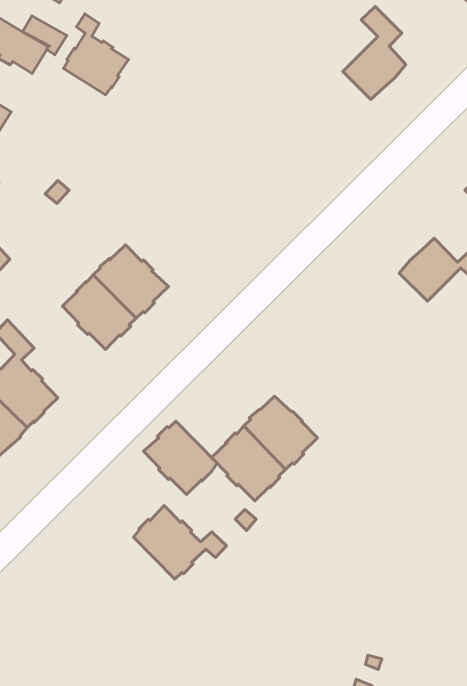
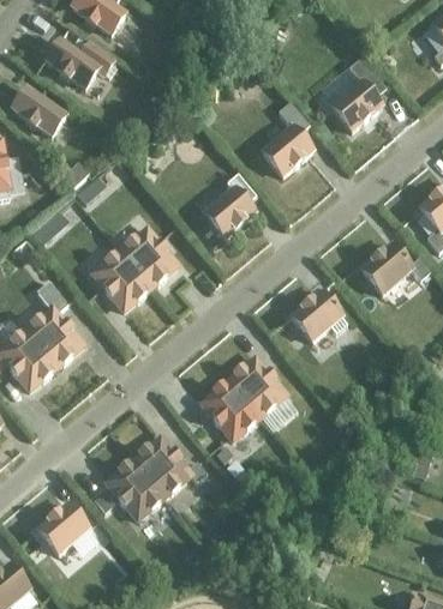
building: [63,14,128,95] -> none
building: none -> [261,102,311,176]
building: none -> [203,174,253,237]
building: none -> [289,291,345,342]
building: [143,421,217,495] -> [104,460,162,519]
building: none -> [36,504,86,554]

